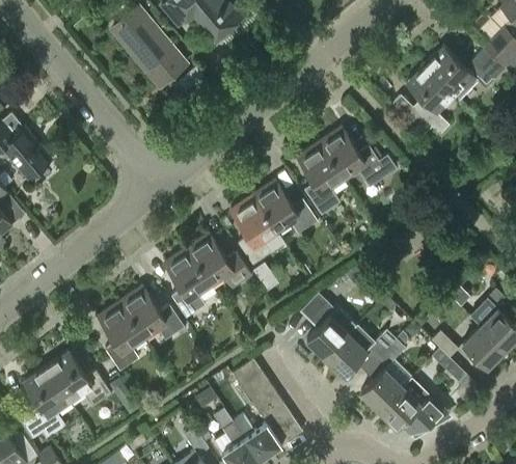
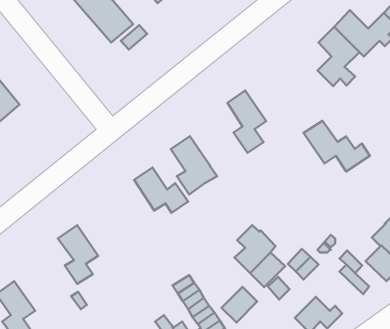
building: [319,128,398,188] -> [303,121,370,171]
building: [253,182,318,235] -> none
building: [164,248,211,319] -> none
building: [119,288,184,340] -> none
building: [45,353,111,408] -> none
building: [360,370,403,412] -> [221,287,257,323]

